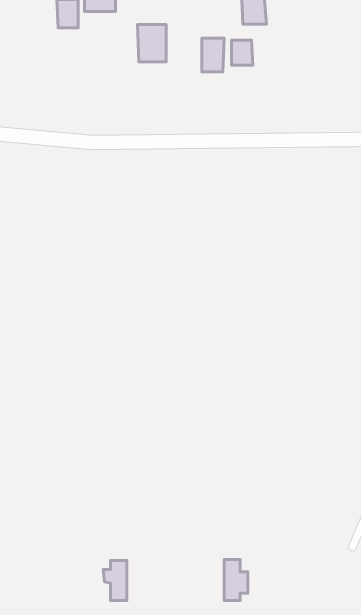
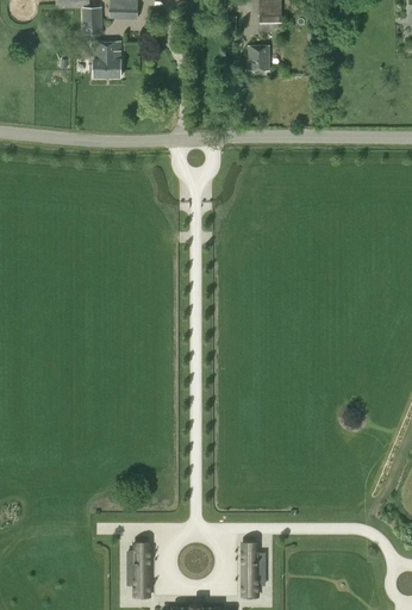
building: [137,24,166,62] -> [92,42,119,77]
building: [202,38,224,72] -> none

